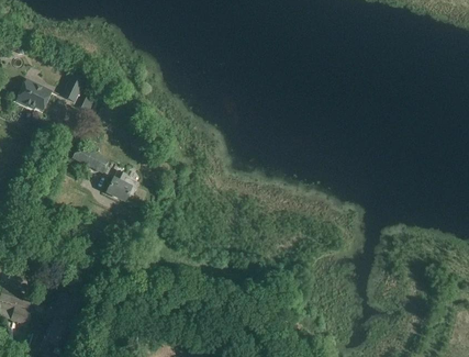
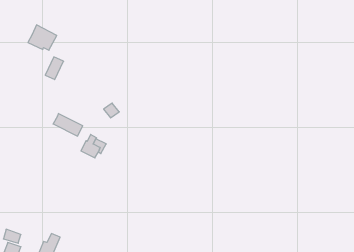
building: [14,79,51,111] -> [28,25,57,50]

